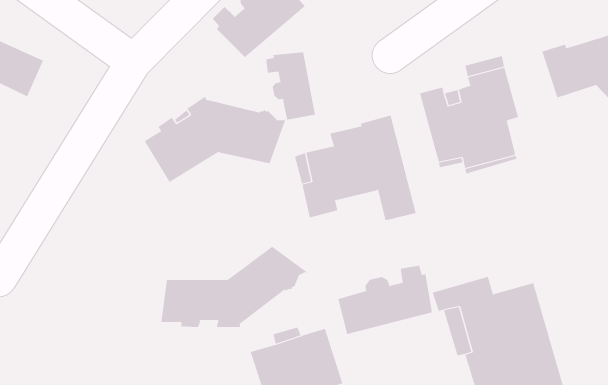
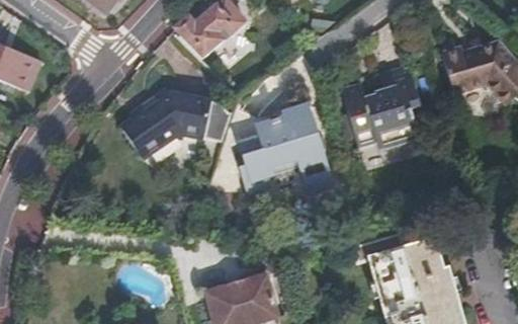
building: [266,51,316,120] -> none
building: [161,246,309,328] -> none
building: [338,265,432,335] -> none

